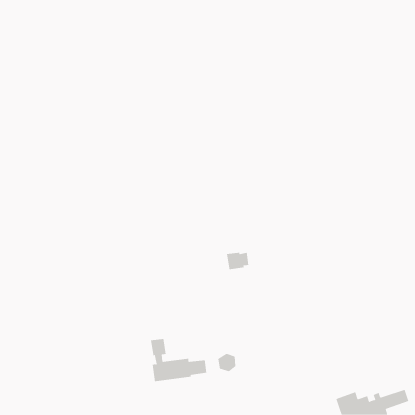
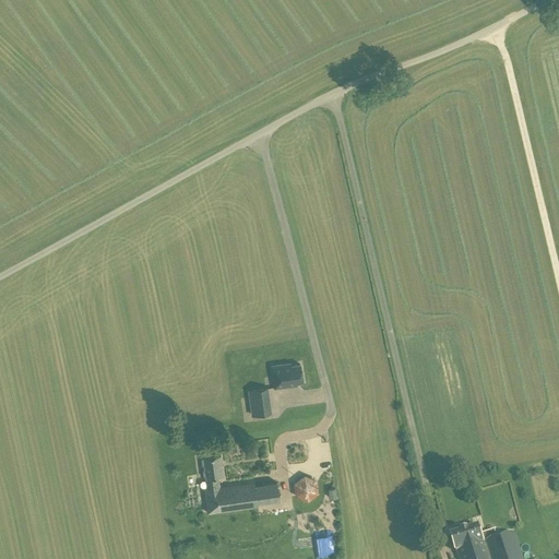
building: [226,252,249,270] -> [272,364,302,388]
building: none -> [248,388,272,416]

